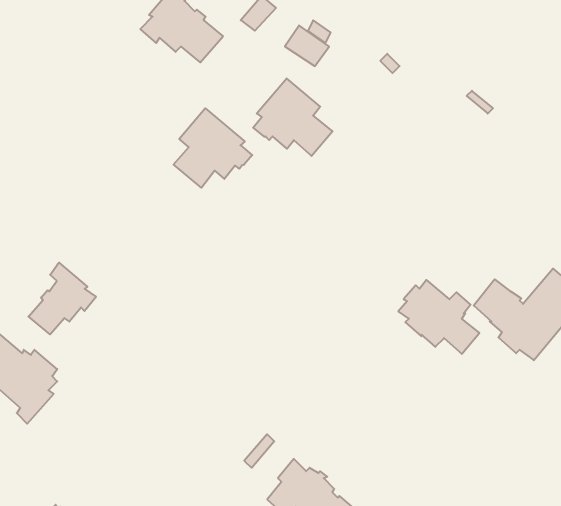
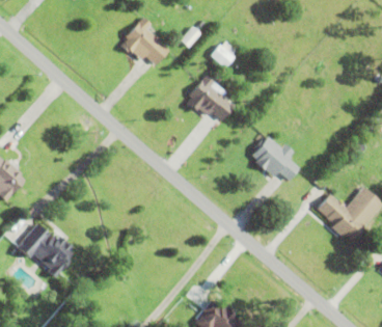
building: [174,108,252,188] -> none
building: [28,263,96,334] -> none
building: [398,280,479,354] -> [251,137,299,181]

